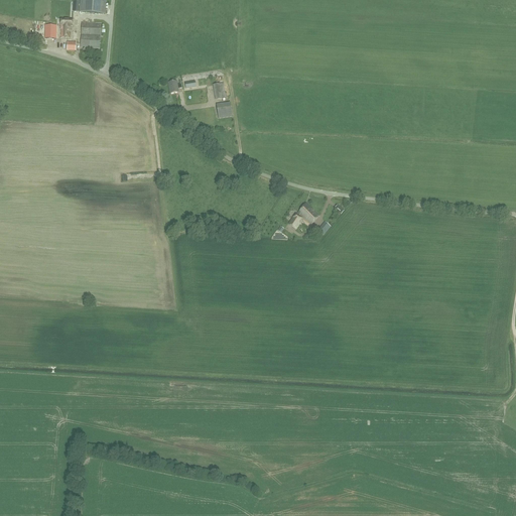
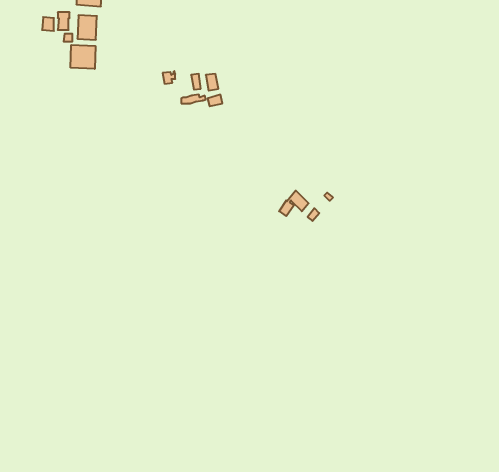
building: none -> [71,45,95,69]

